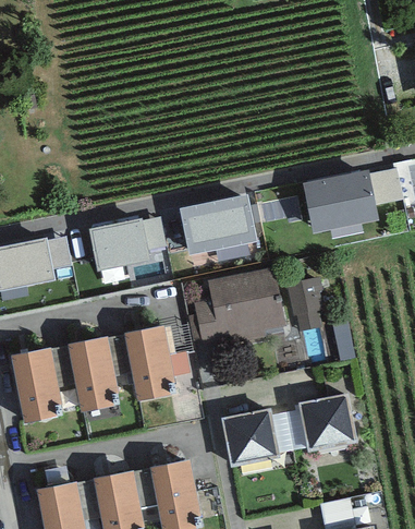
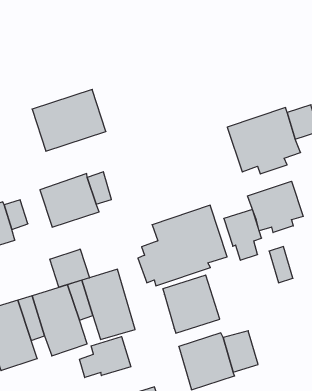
building: [179,193,257,255] -> [32,89,106,151]
building: none -> [248,181,303,233]
building: none -> [50,249,89,287]
building: [298,393,357,453] -> [163,275,220,333]
building: none -> [80,337,131,378]

